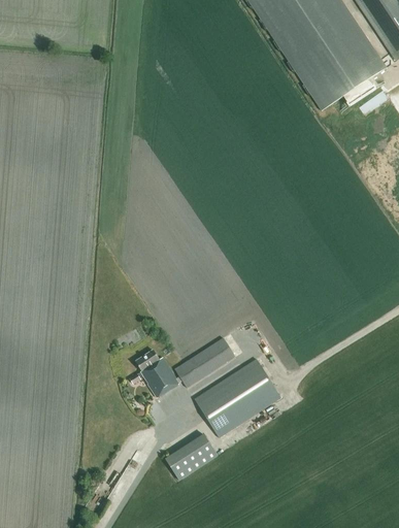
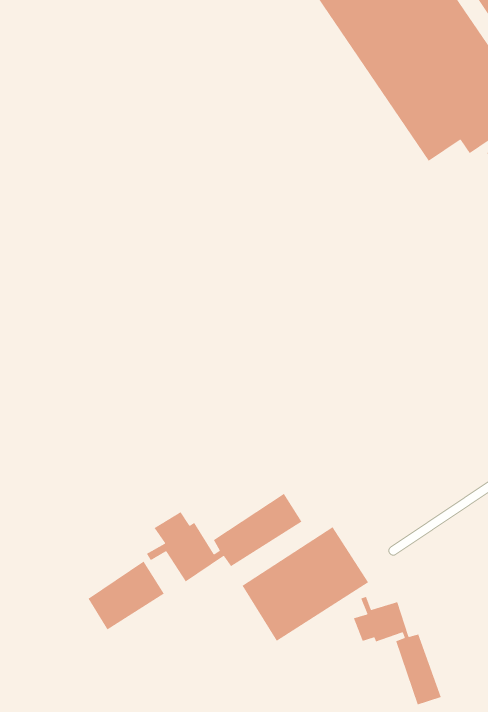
building: none -> [353,596,442,706]
building: [166,431,219,478] -> [88,561,165,630]

